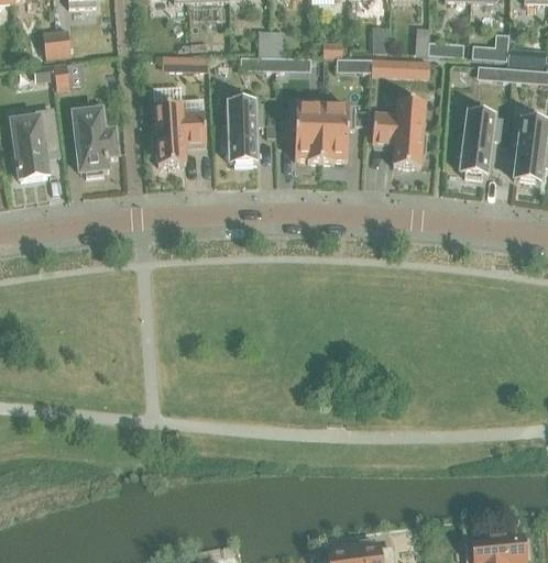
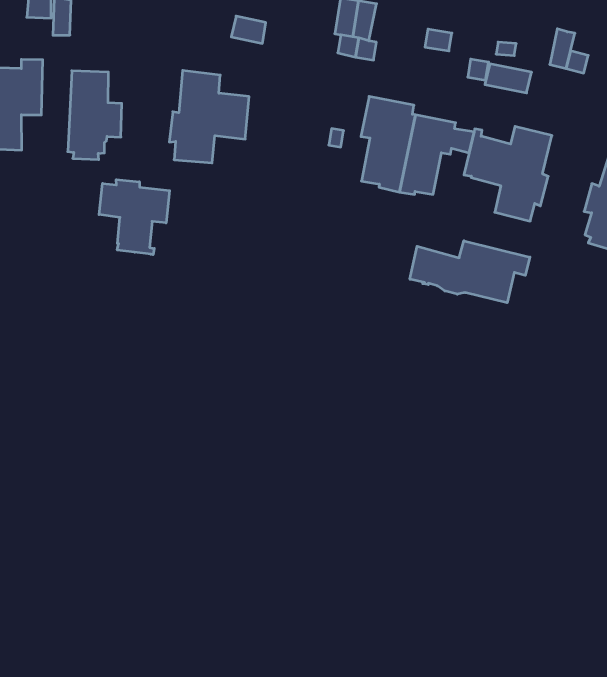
building: [222,95,262,162] -> none
building: none -> [99,180,170,255]
building: none -> [410,241,530,303]

